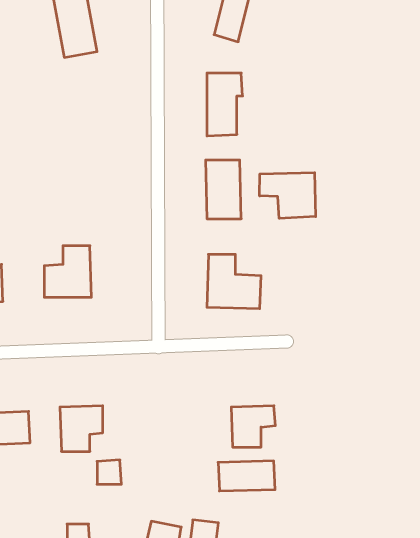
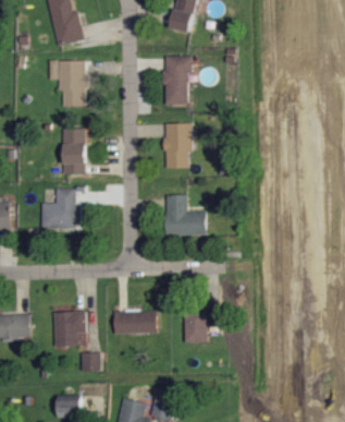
building: none -> [48,61,86,107]
building: none -> [63,129,87,174]
building: [260,173,316,218] -> none
building: [218,461,275,491] -> [113,311,157,334]

